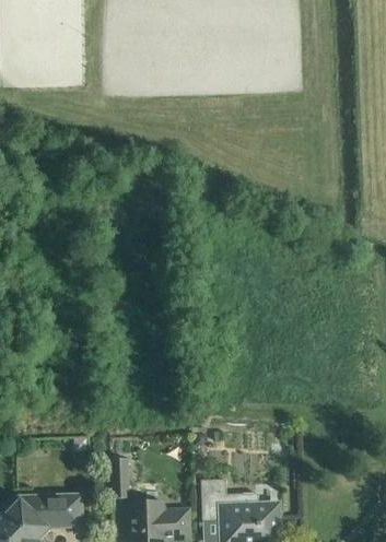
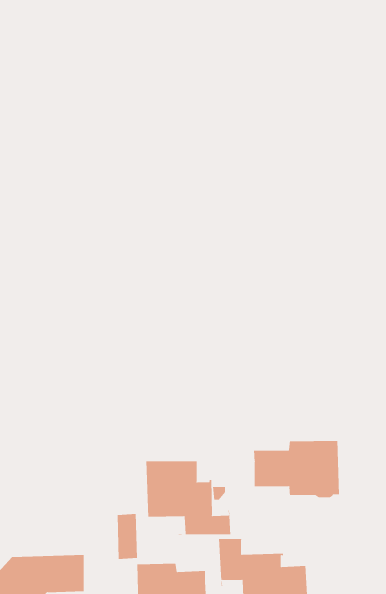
building: none -> [254,440,339,498]
building: none -> [146,460,231,535]

